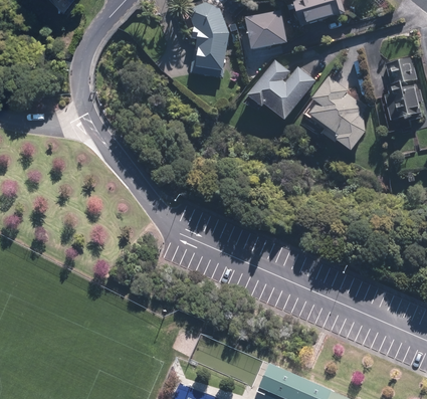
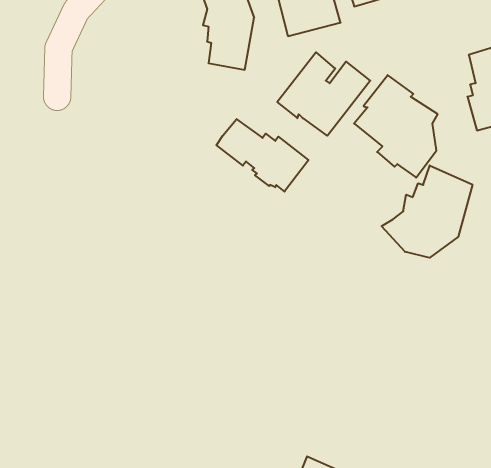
building: none -> [216,119,308,192]
building: none -> [382,165,472,258]

